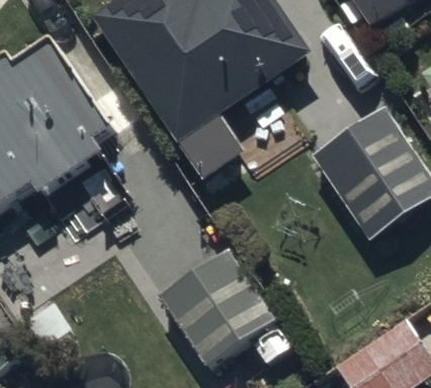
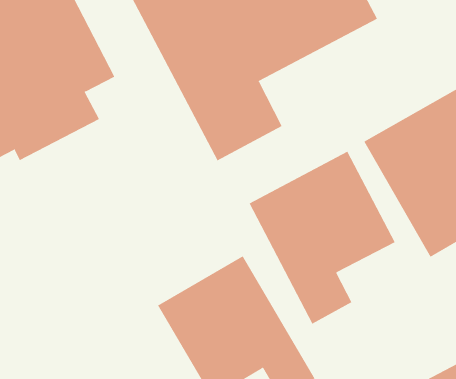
building: none -> [249,151,396,325]

